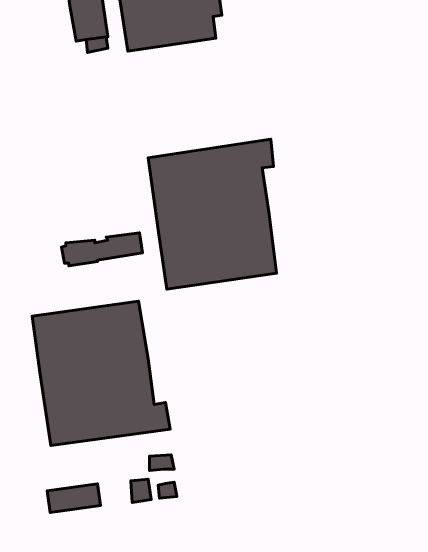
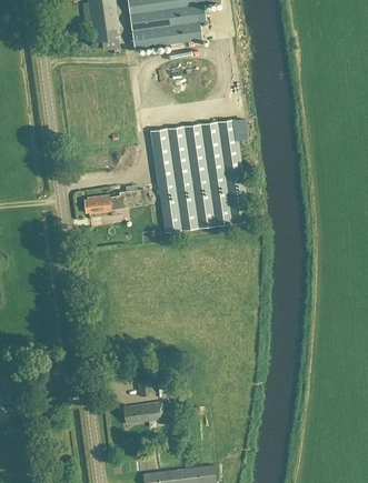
building: [32,301,170,445] -> none
building: [47,484,101,513] -> [122,400,163,422]

